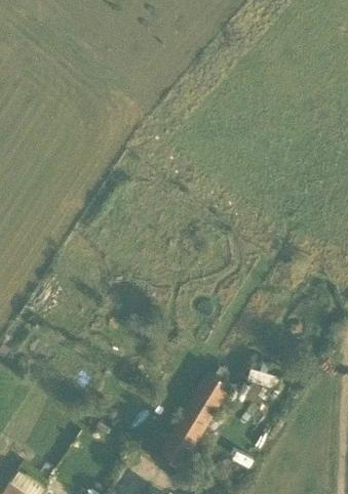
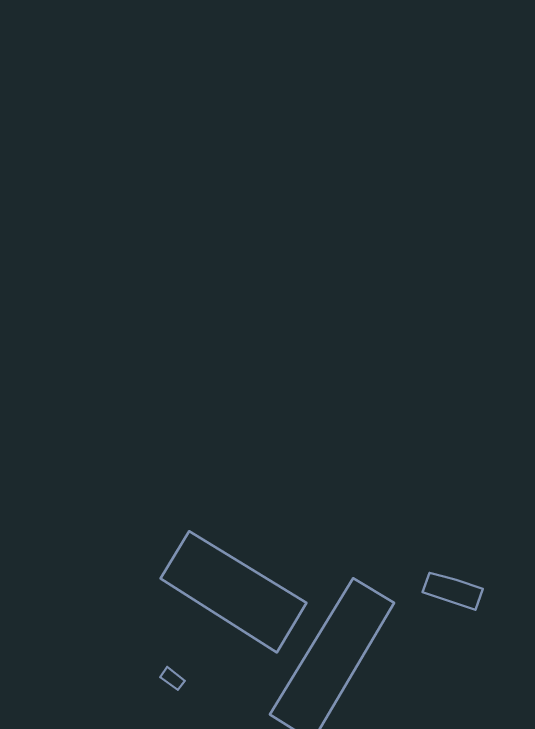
building: none -> [160,531,307,653]

